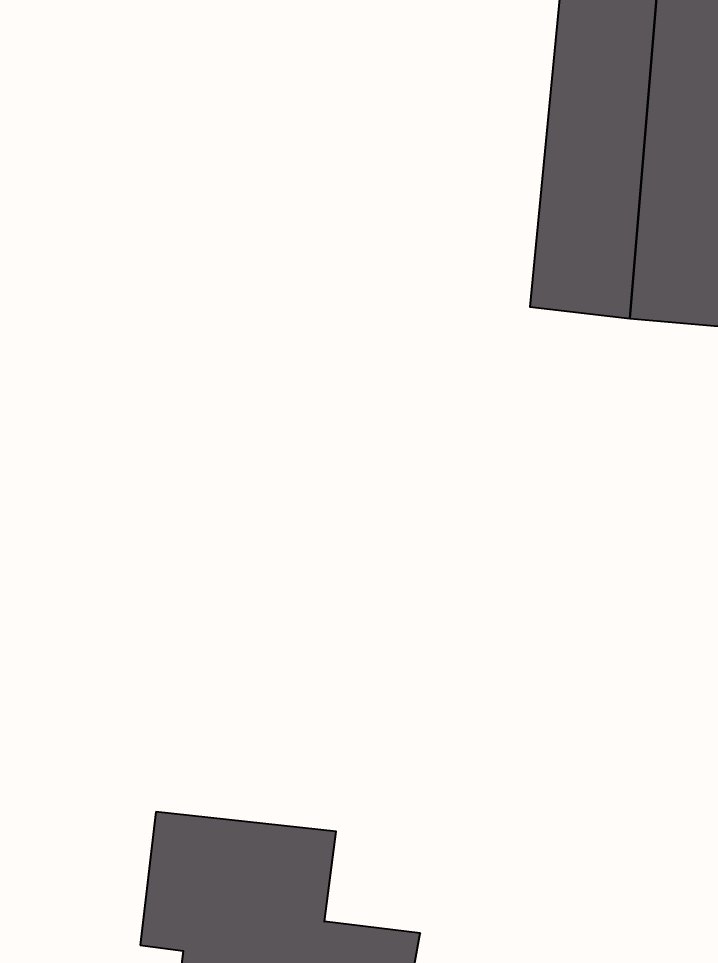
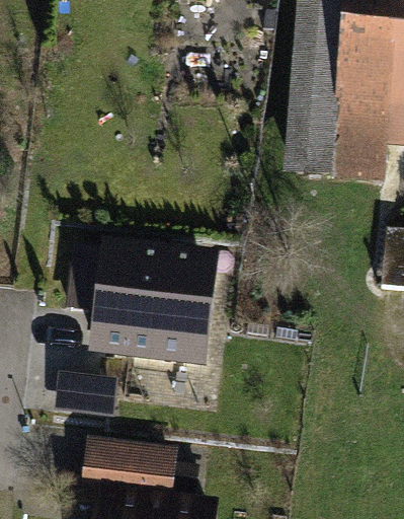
building: none -> [89,238,219,368]

